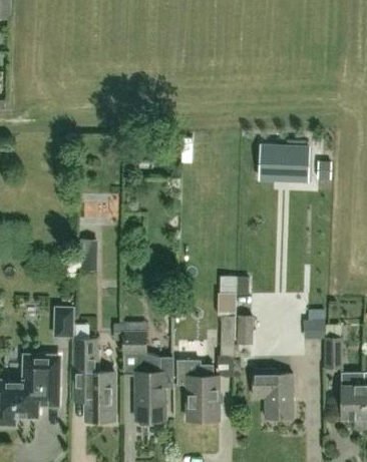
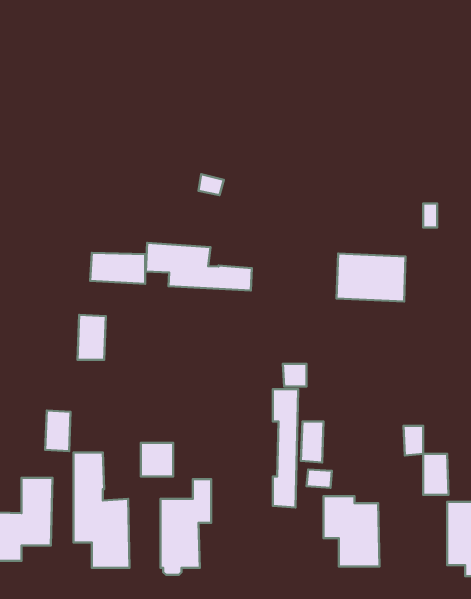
building: [259,146,308,180] -> [337,254,405,301]
building: none -> [146,243,252,290]
building: [187,364,217,420] -> none

